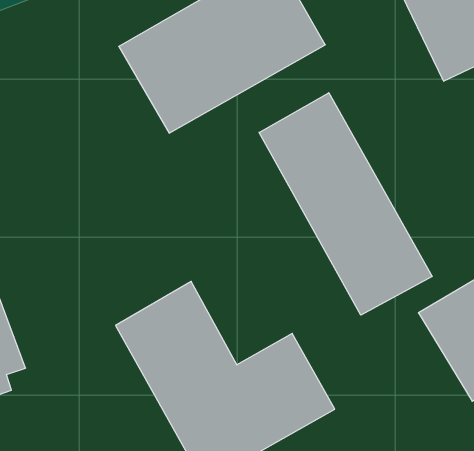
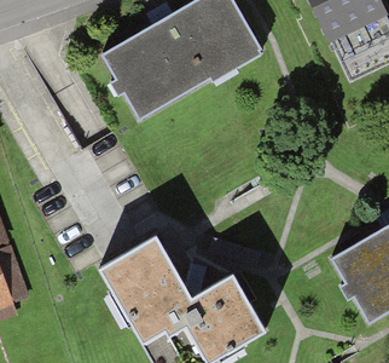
building: [259,93,432,315] -> none

